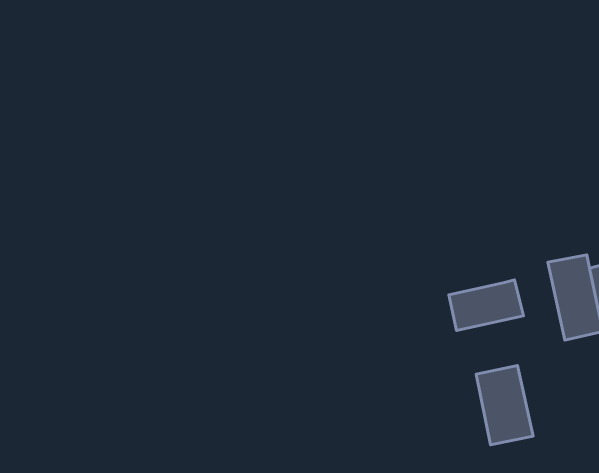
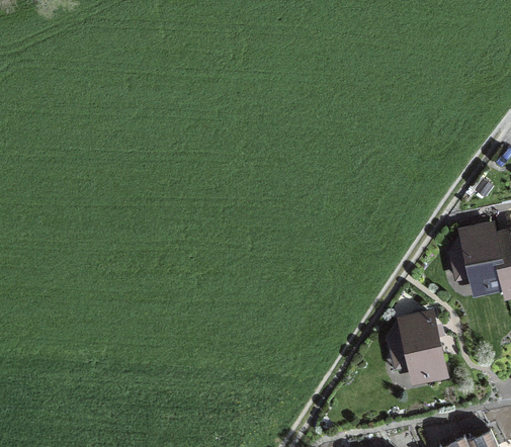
building: [449,280,524,331] -> none

